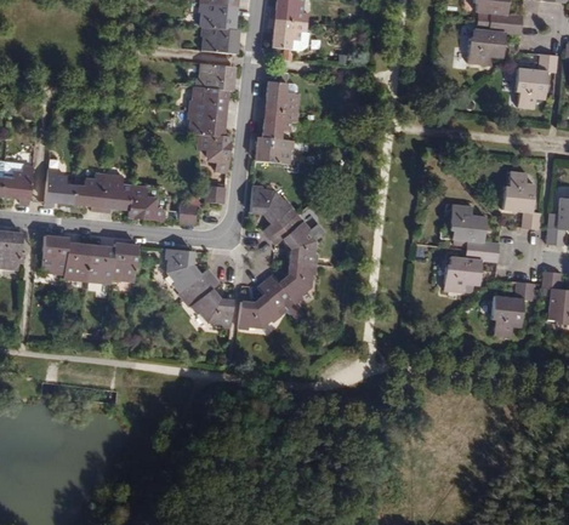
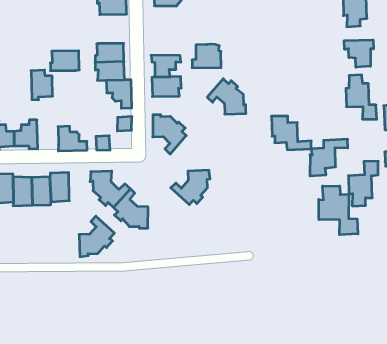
building: [197,63,235,91] -> [50,51,79,71]
building: [261,82,300,115] -> [192,44,221,68]
building: none -> [344,40,373,67]
building: [103,173,132,211] -> [31,70,53,100]
building: [448,200,496,247] -> [271,116,311,150]
building: [269,217,317,264] -> [207,79,246,114]
building: [238,280,285,329] -> [79,216,114,257]
building: none -> [319,186,358,235]

